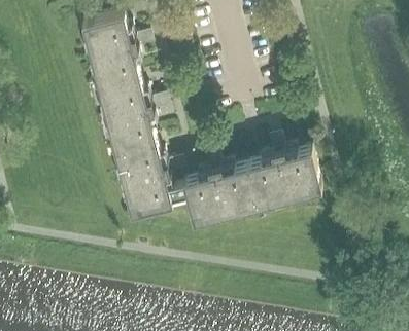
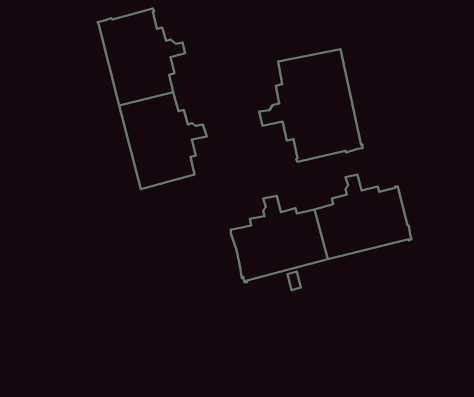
building: none -> [259,49,363,162]
building: [113,140,186,215] -> none

